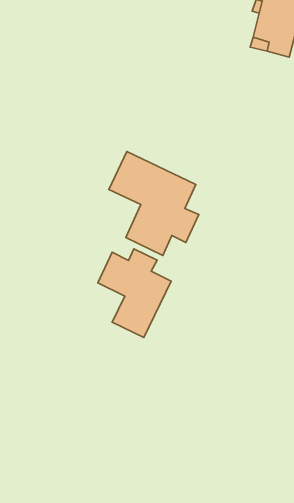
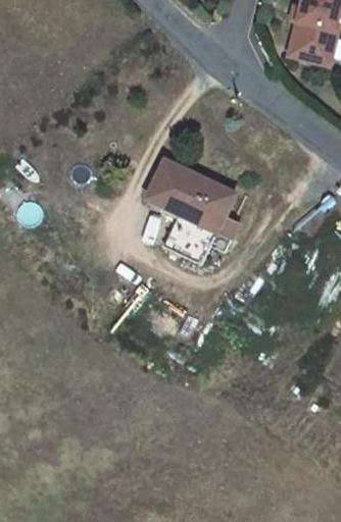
building: [98,249,171,338] -> none

